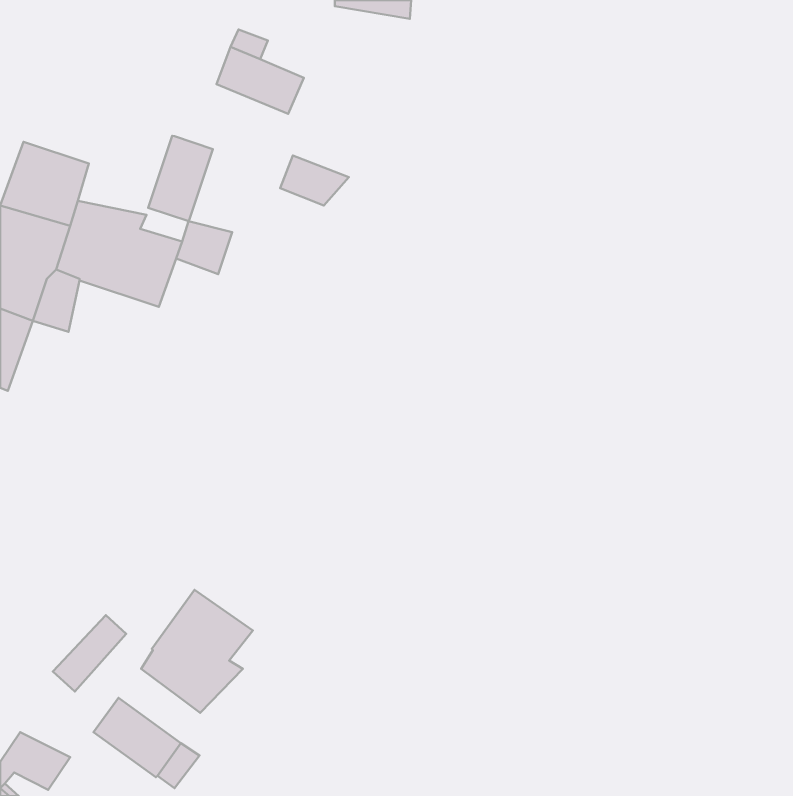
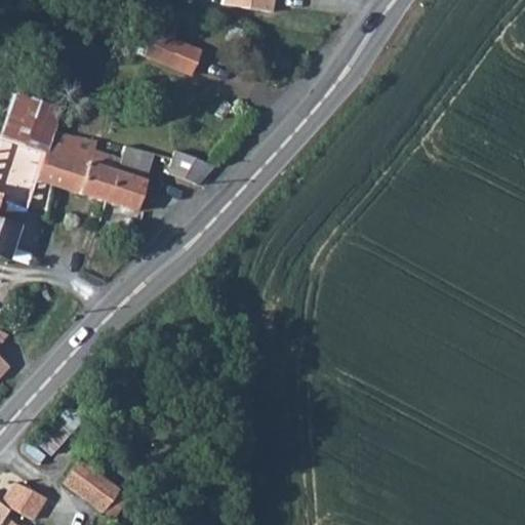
building: [148,136,213,221] -> none
building: [280,156,349,205] -> [168,151,213,184]
building: none -> [107,170,146,211]
building: [141,590,253,713] -> none

